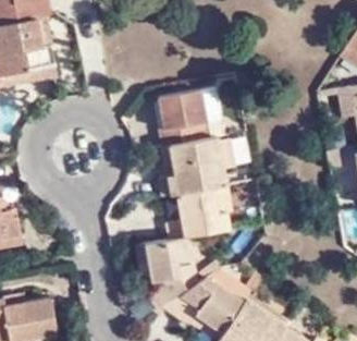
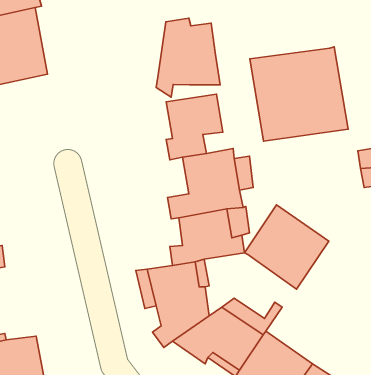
building: none -> [156,18,220,97]
building: none -> [250,47,348,141]
building: none -> [244,205,329,289]

